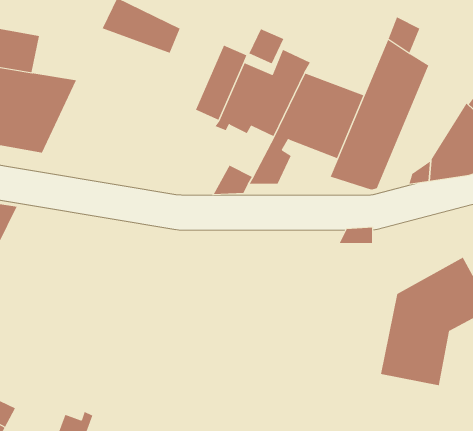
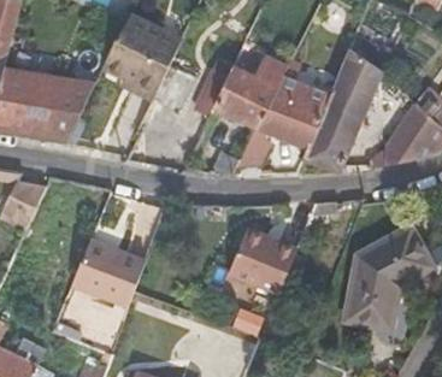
building: none -> [104,41,172,101]
building: none -> [229,226,296,291]
building: none -> [71,240,146,308]

